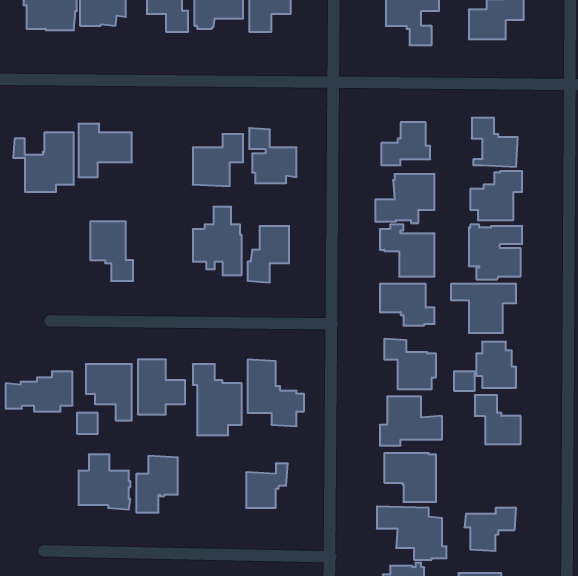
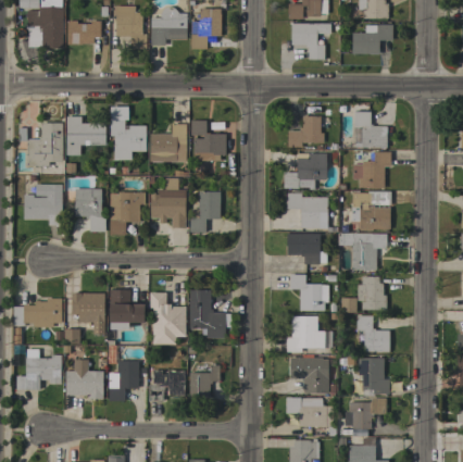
building: none -> [111,105,147,160]
building: none -> [24,184,62,225]
building: none -> [110,191,146,235]
building: none -> [17,349,62,389]
building: none -> [359,358,389,396]
building: none -> [149,370,186,401]

